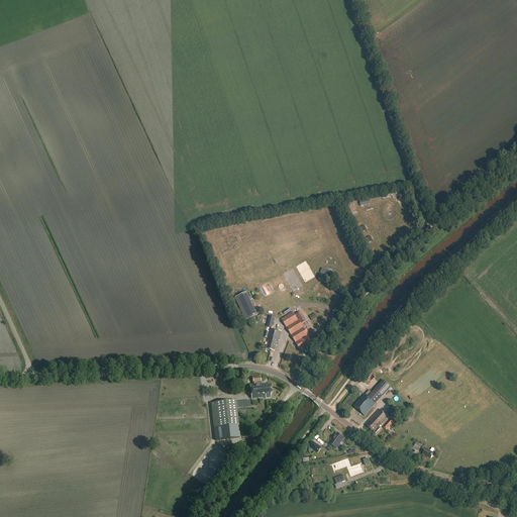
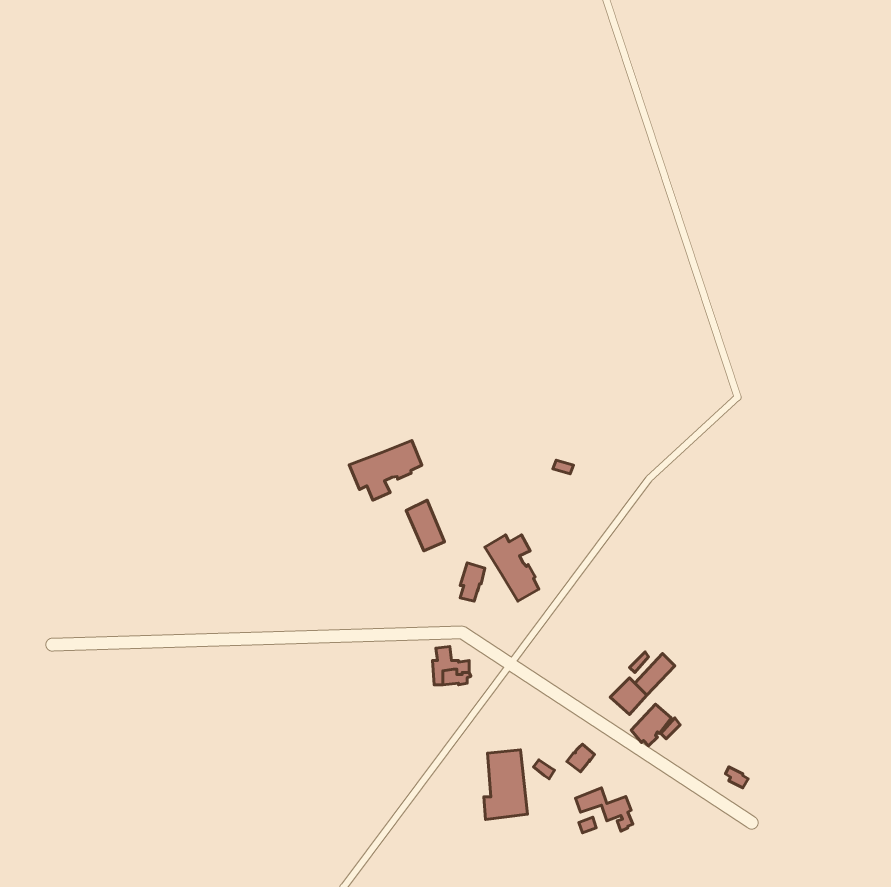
building: none -> [349,441,422,500]
building: [214,399,239,439] -> [484,750,527,819]

